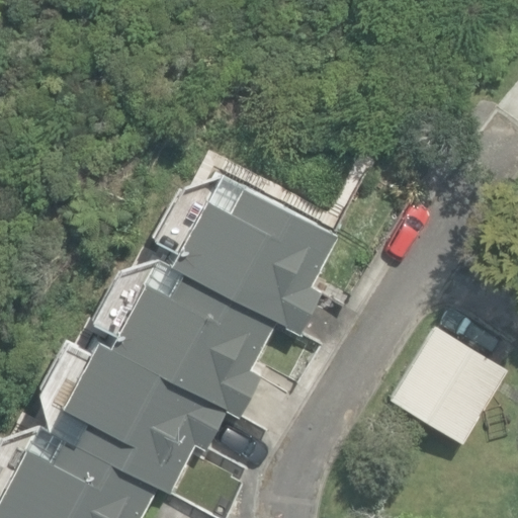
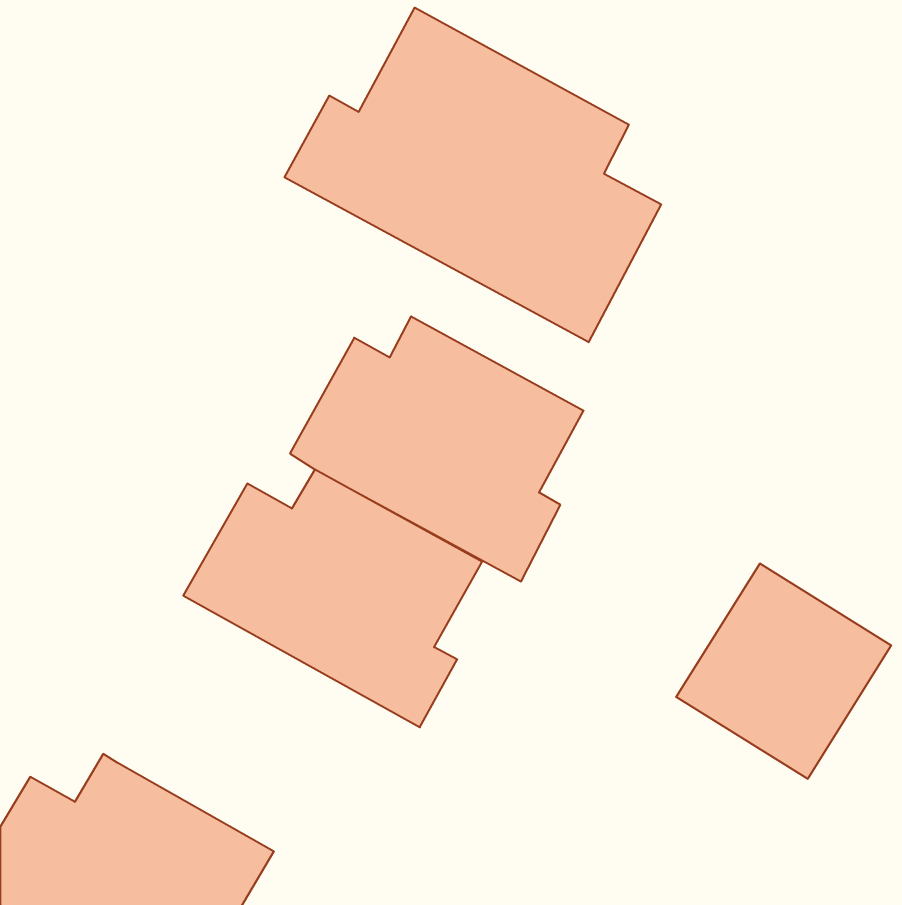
building: none -> [285,8,661,342]
building: [59,335,229,491] -> none

